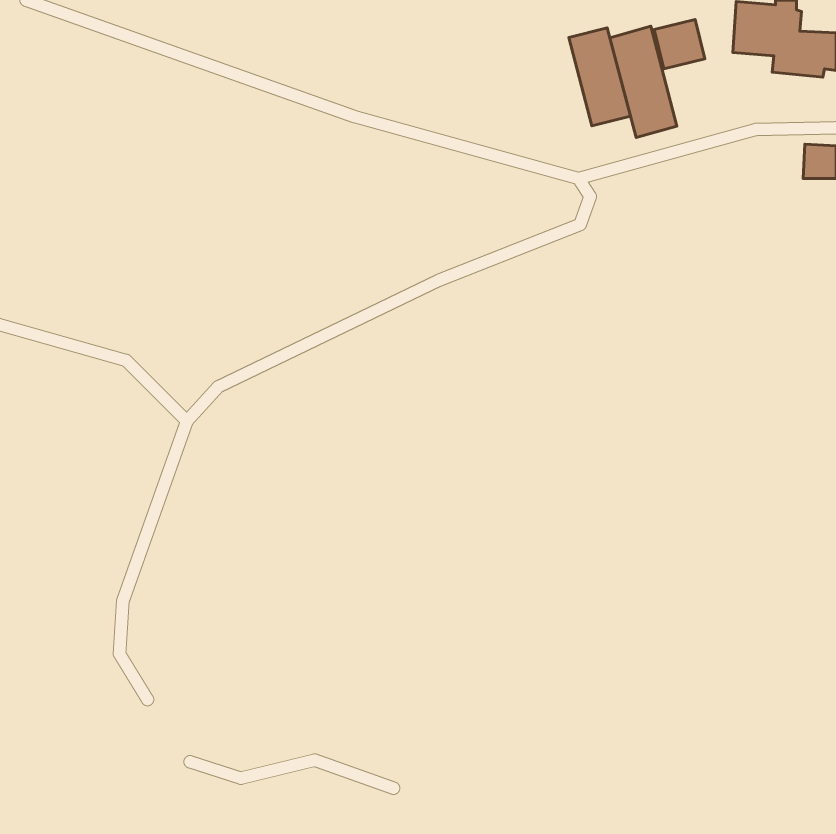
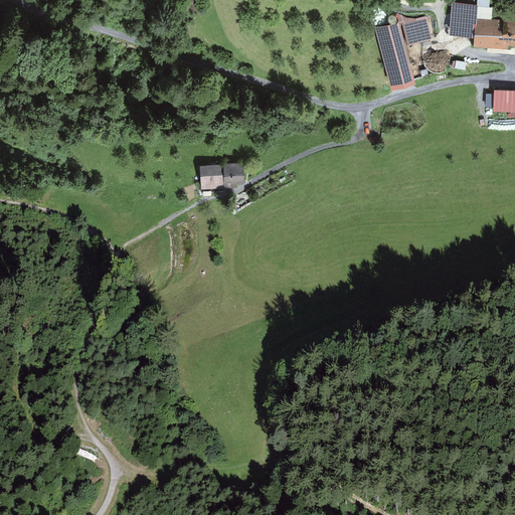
building: [569,28,630,126] -> none
building: none -> [198,164,243,189]

